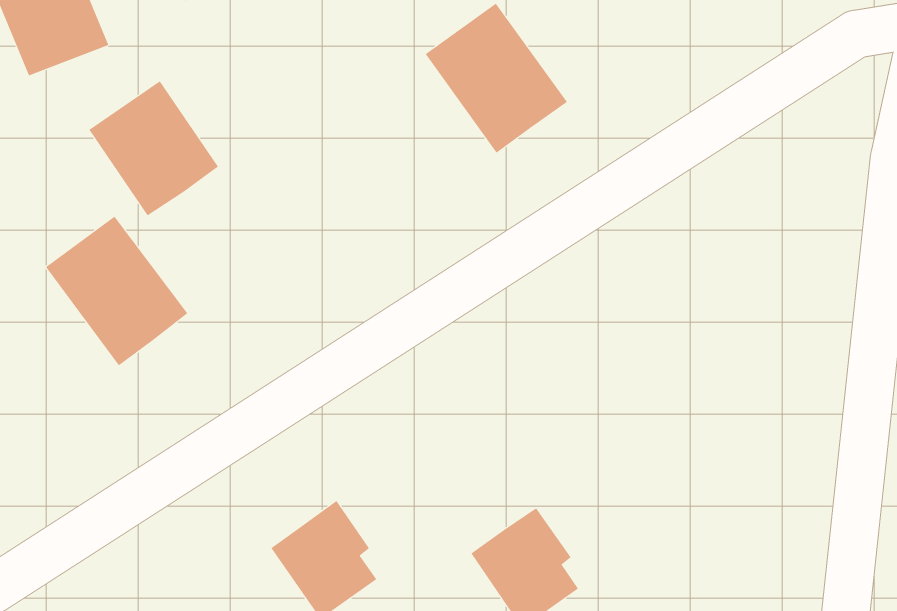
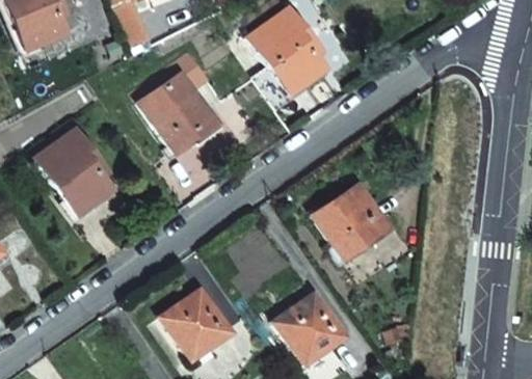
building: [89,80,219,216] -> [143,76,217,153]
building: none -> [316,185,383,258]

